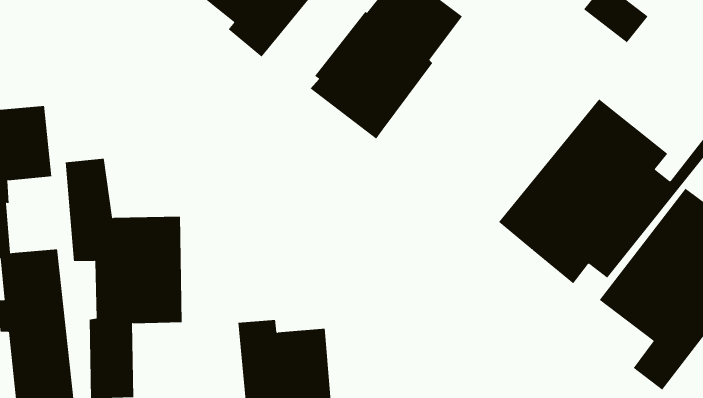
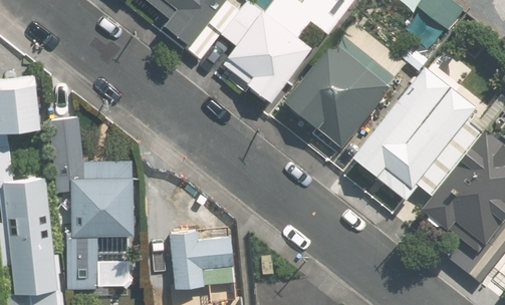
building: none -> [285,23,406,151]

